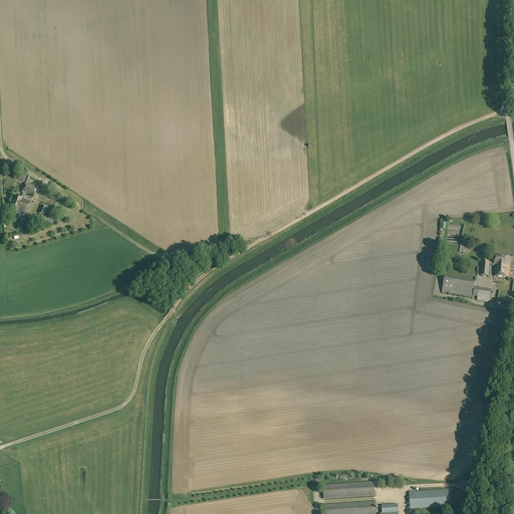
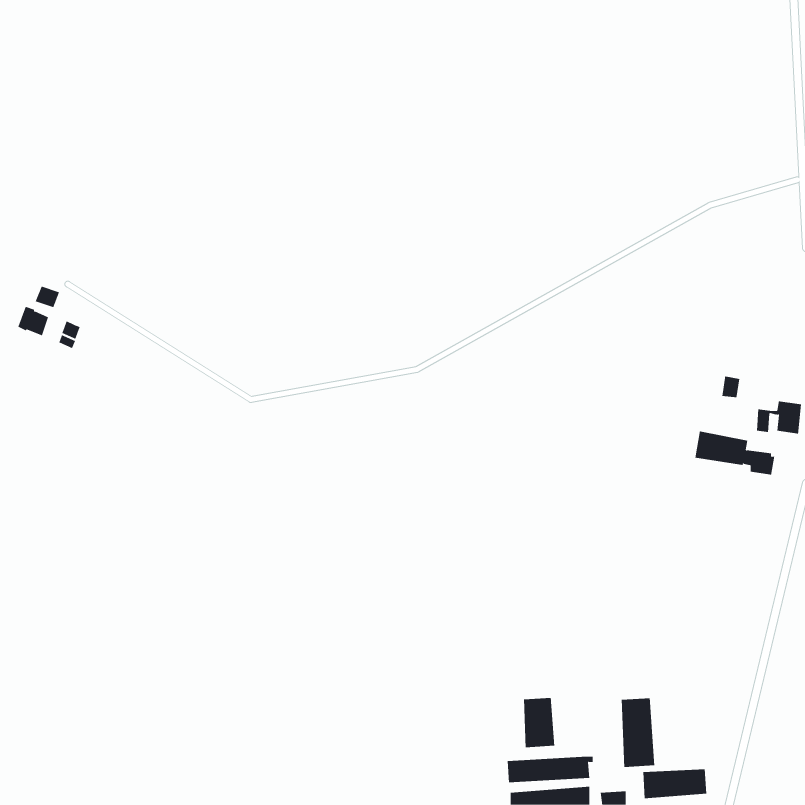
building: none -> [523,697,555,748]
building: none -> [621,698,655,768]

